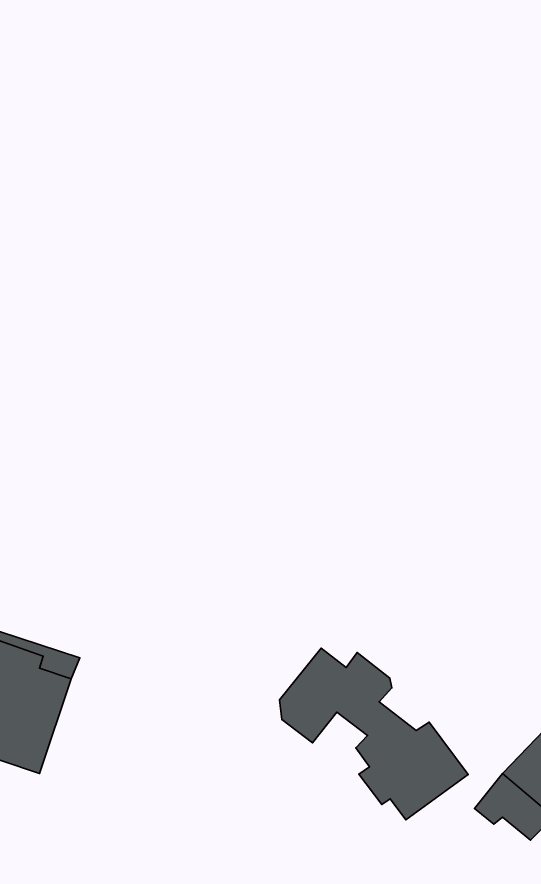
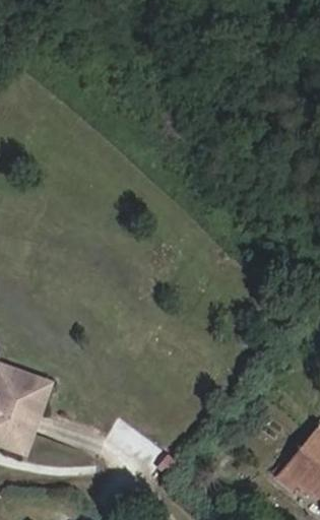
building: [280,648,468,820] -> none

